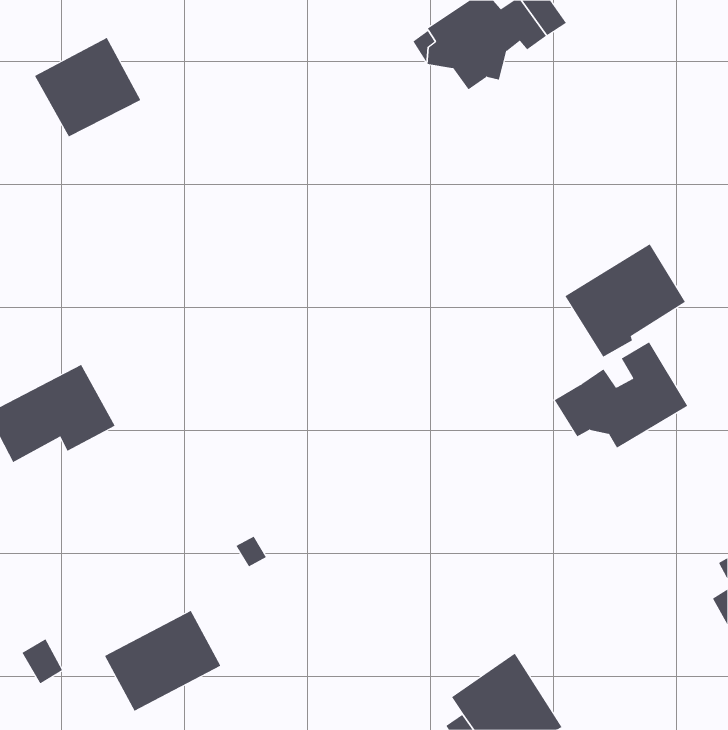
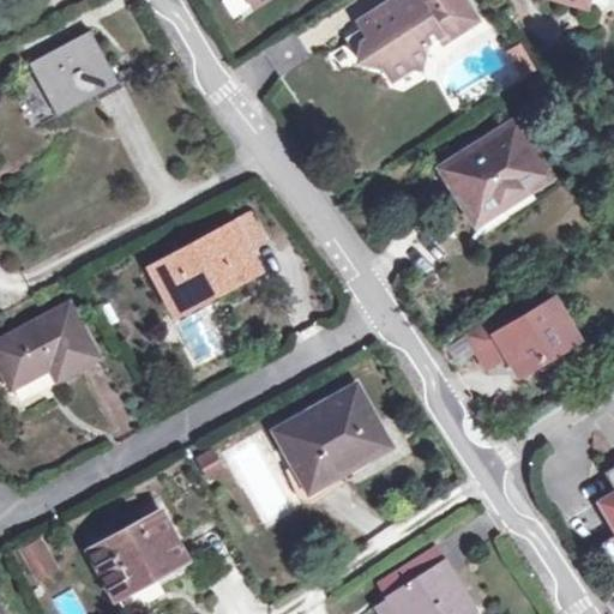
building: [564,243,686,358] -> [444,125,546,221]
building: none -> [149,223,260,318]
building: none -> [277,387,389,492]

